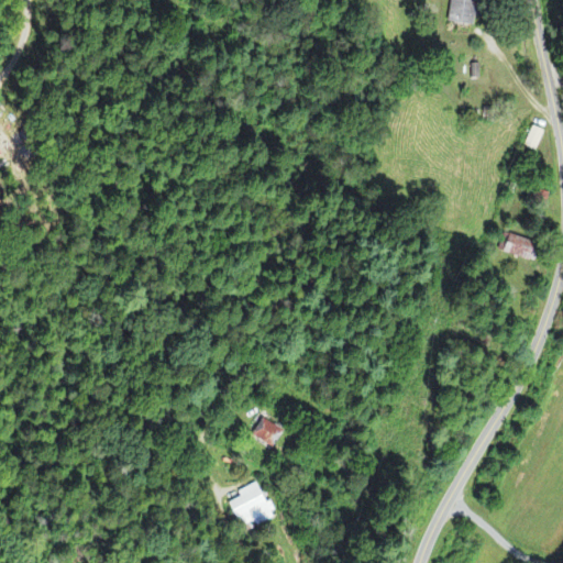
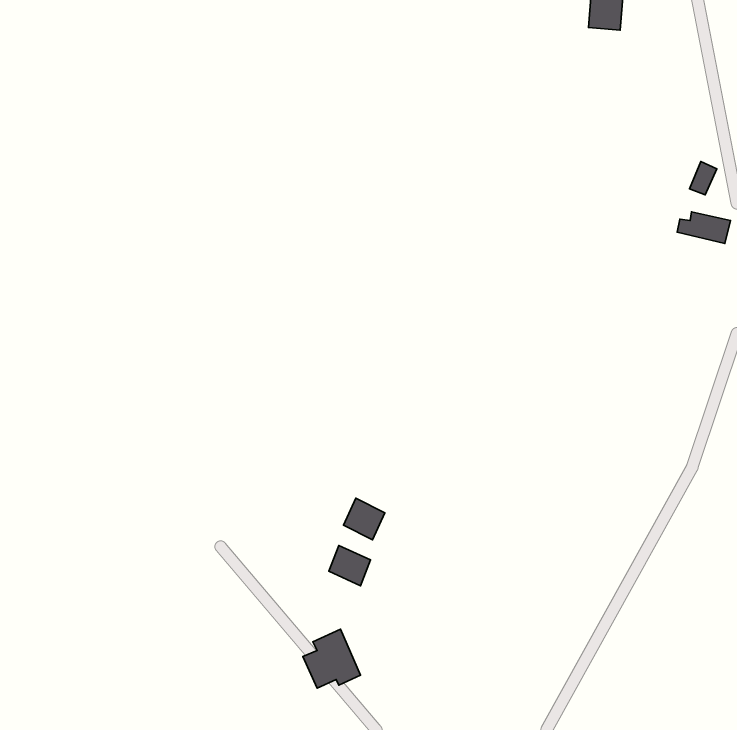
building: [497,234,538,258] -> [677,212,730,244]
building: none -> [343,498,385,540]

